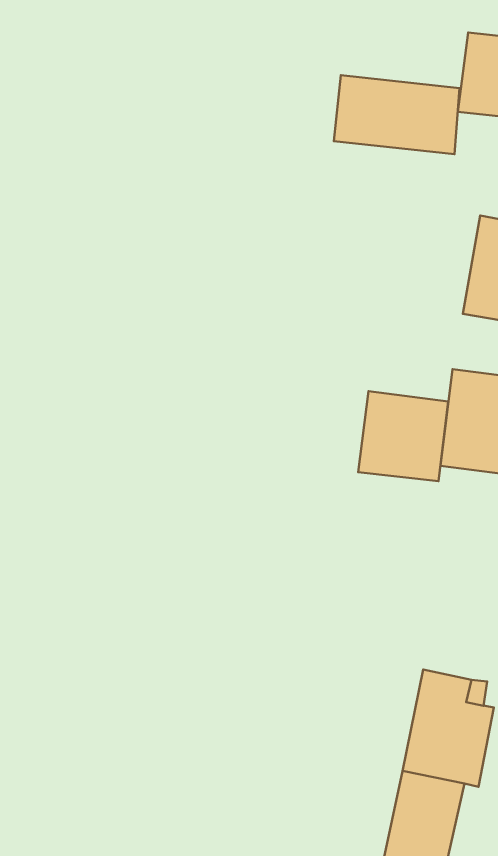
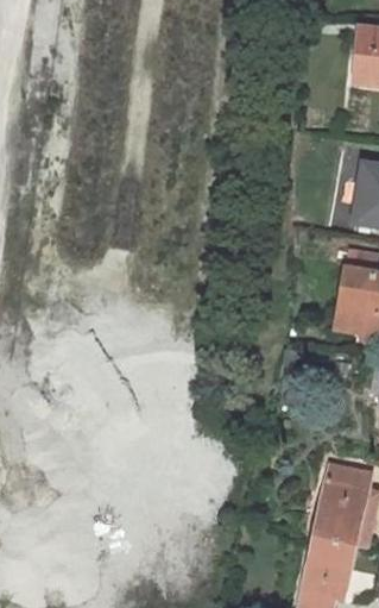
building: [334,75,459,154] -> none
building: [358,391,448,481] -> none

